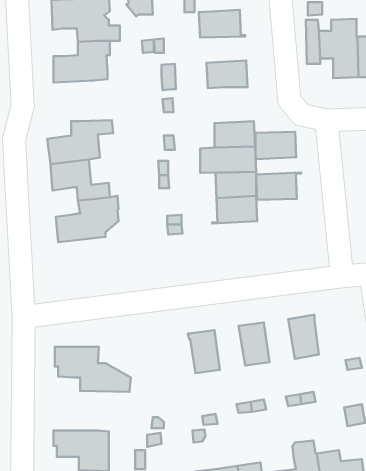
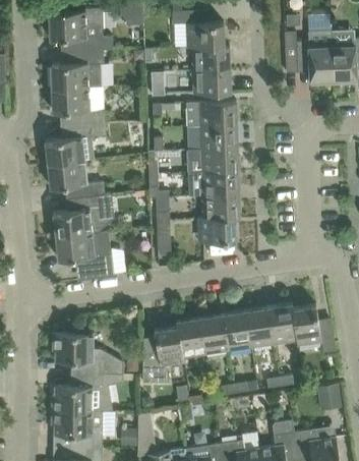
building: none -> [187,47,230,71]
building: none -> [52,88,106,125]
building: [255,132,296,159] -> [199,102,237,127]
building: [256,172,301,200] -> [198,218,240,243]
building: none -> [56,232,114,281]
building: none -> [293,305,321,346]
building: none -> [246,308,275,348]
building: none -> [200,314,229,355]
building: none -> [143,327,184,383]
building: none -> [52,374,113,412]

